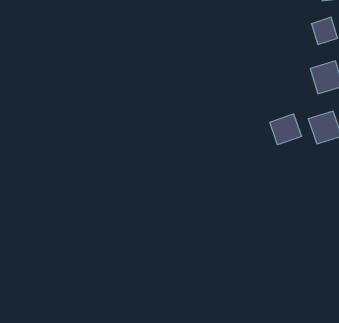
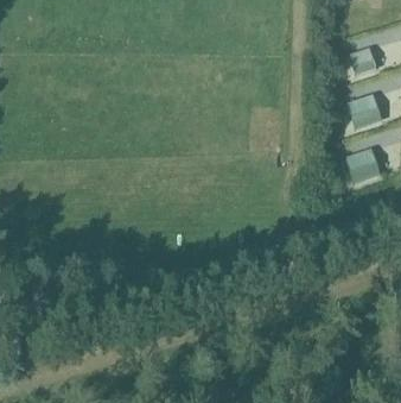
building: [270,114,301,145] -> none

